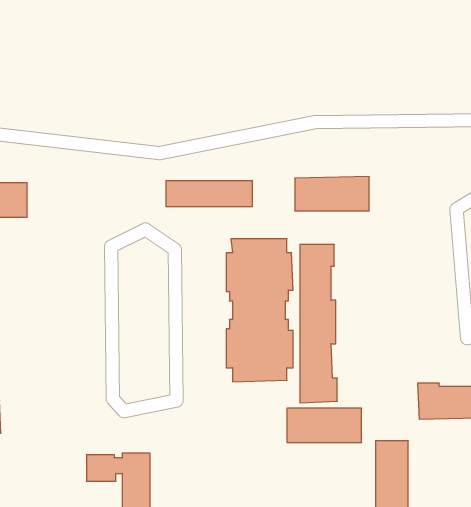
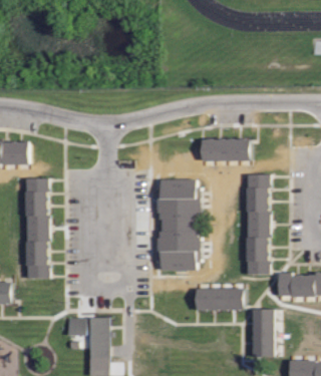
building: [166,180,252,207] -> none
building: none -> [27,176,52,278]
building: [300,244,337,403] -> [248,172,272,275]

